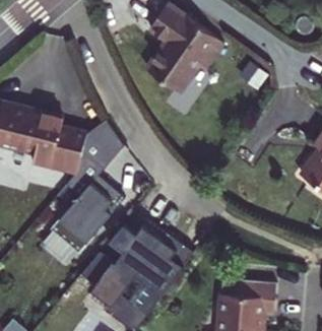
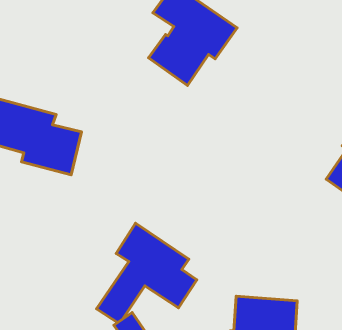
building: [50,120,124,252] -> none

